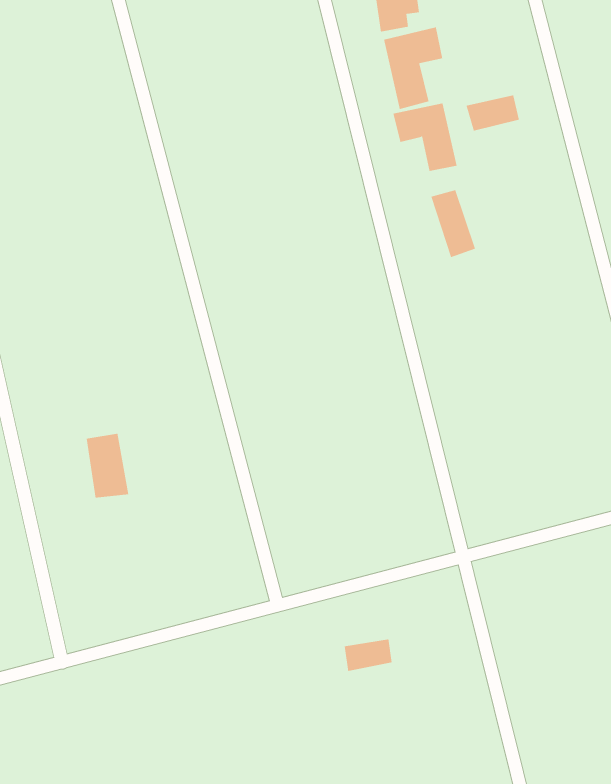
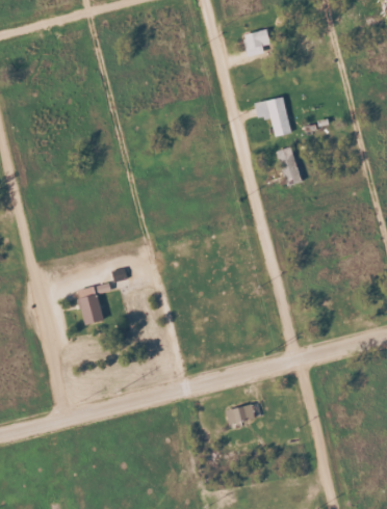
building: [383,26,443,110] -> none
building: [466,95,519,131] -> none

